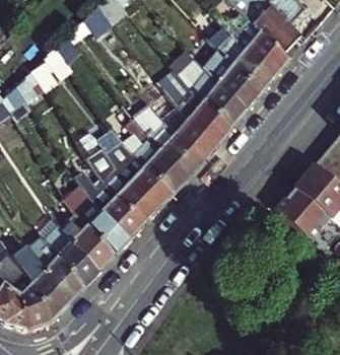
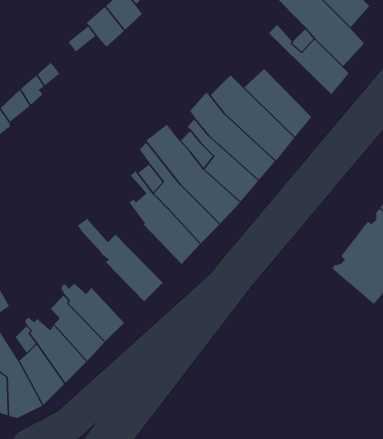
building: [210,27,276,93] -> none
building: [84,141,158,223] -> none
building: [76,201,129,255] -> none

